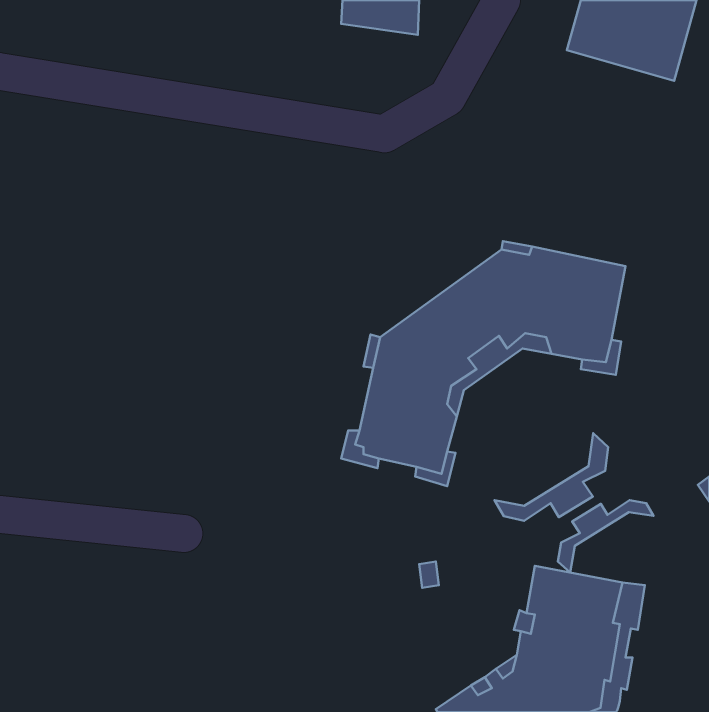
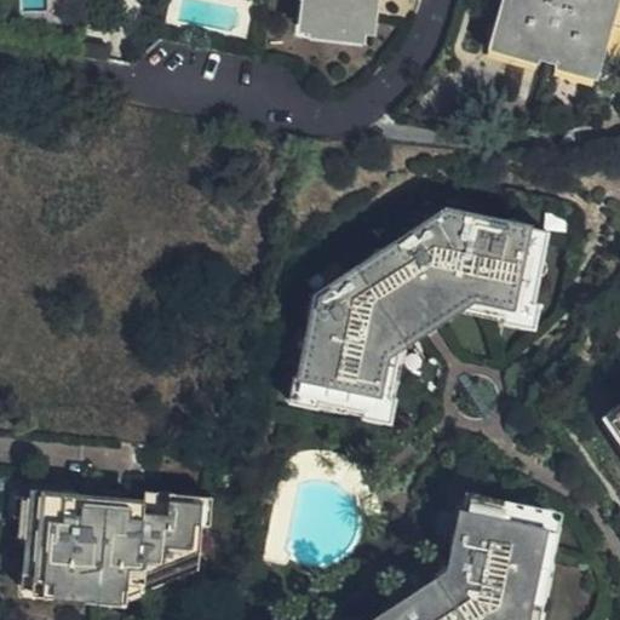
building: [495,433,608,521] -> none
building: [558,500,653,572] -> none
building: none -> [12,492,194,591]

